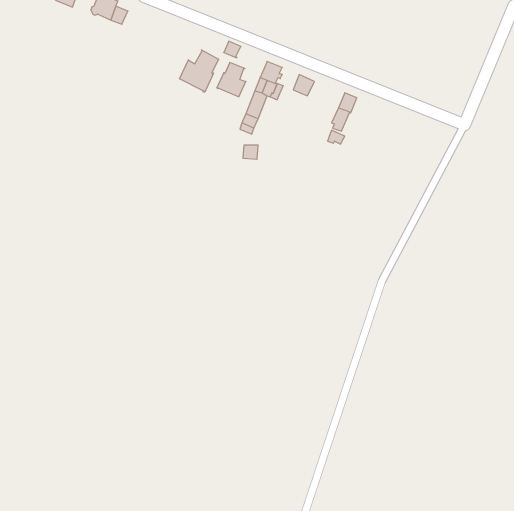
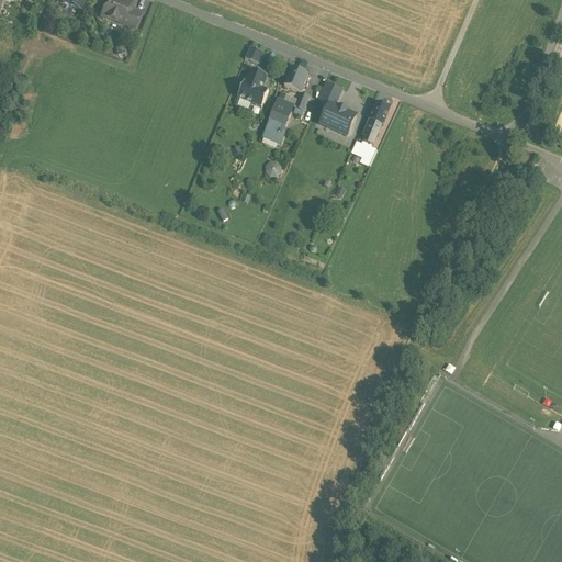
building: [180,50,218,92] -> none
building: none -> [319,102,356,134]

